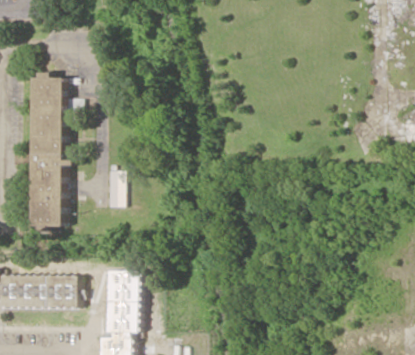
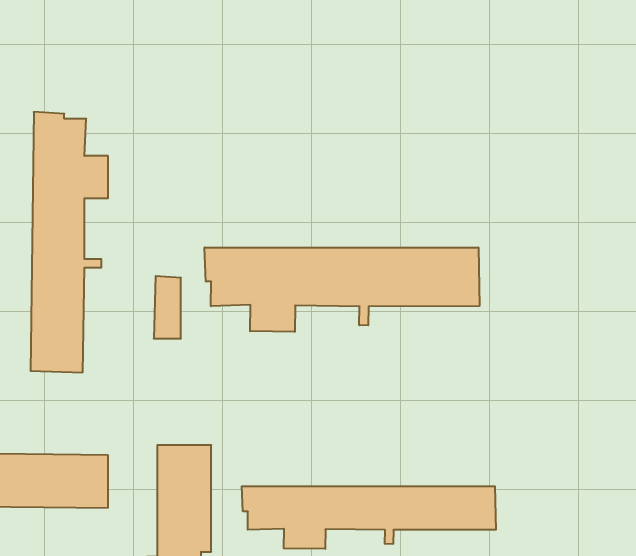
building: none -> [205,247,479,332]
building: none -> [242,486,496,549]

